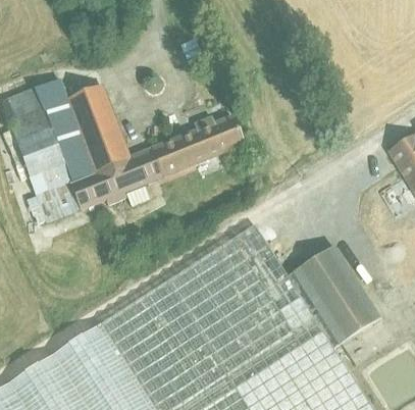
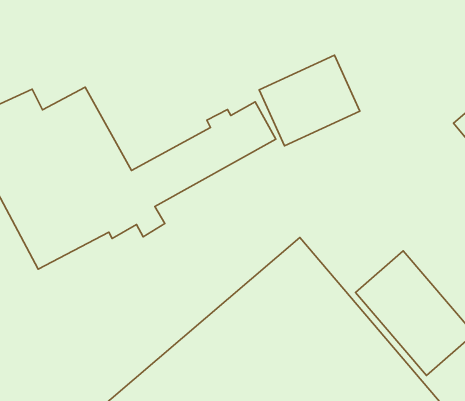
building: none -> [259,55,360,146]

